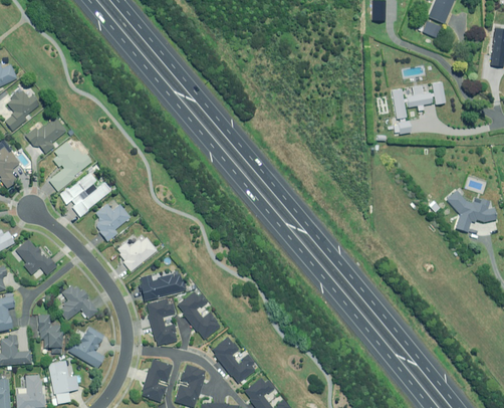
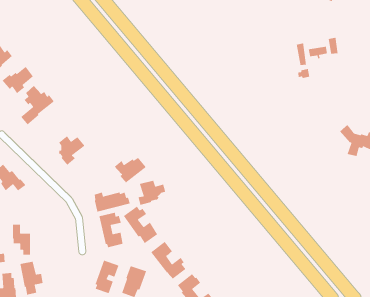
building: [60,171,111,215] -> none
building: [116,237,158,270] -> [114,157,147,183]
building: none -> [137,180,166,206]
building: [59,284,98,320] -> none
building: [68,326,104,367] -> none

